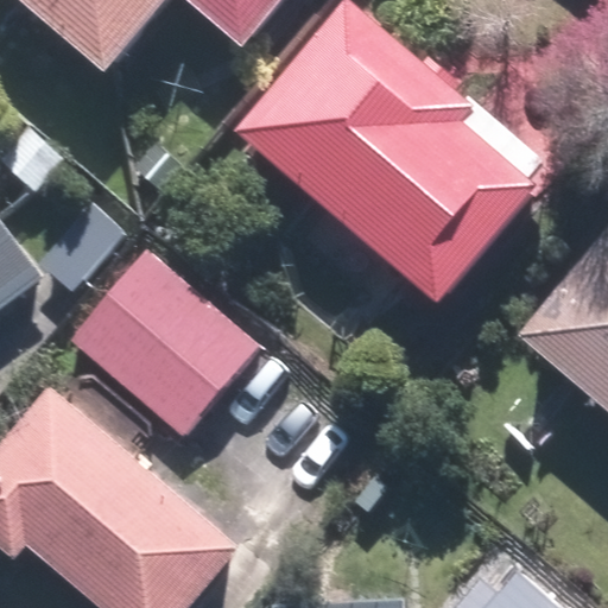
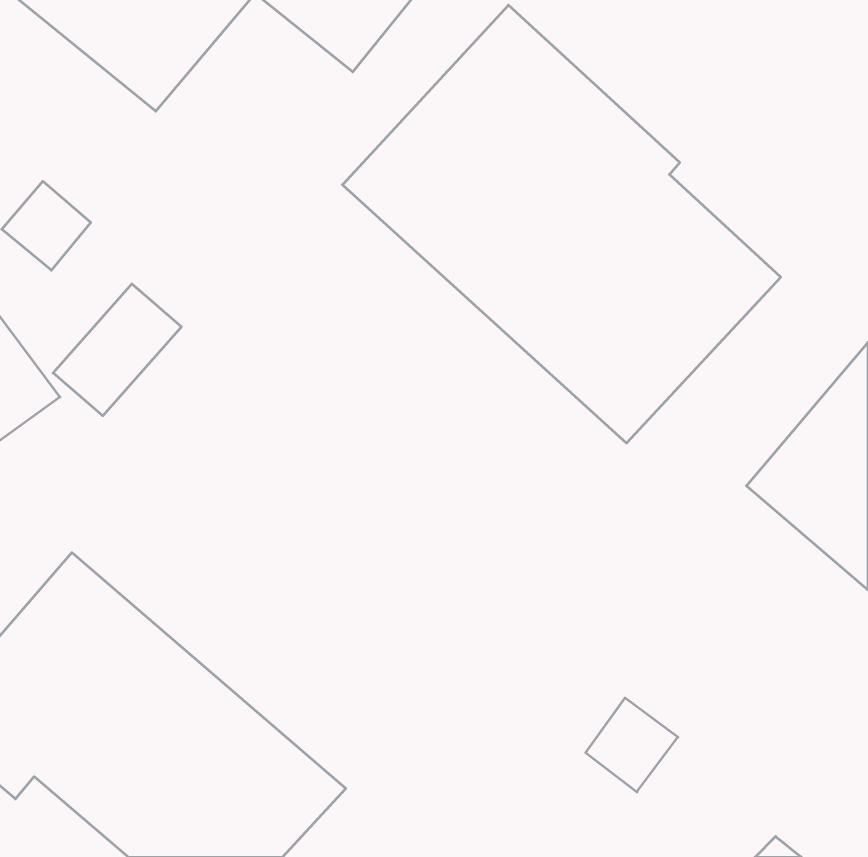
building: [65,242,264,436] -> none

